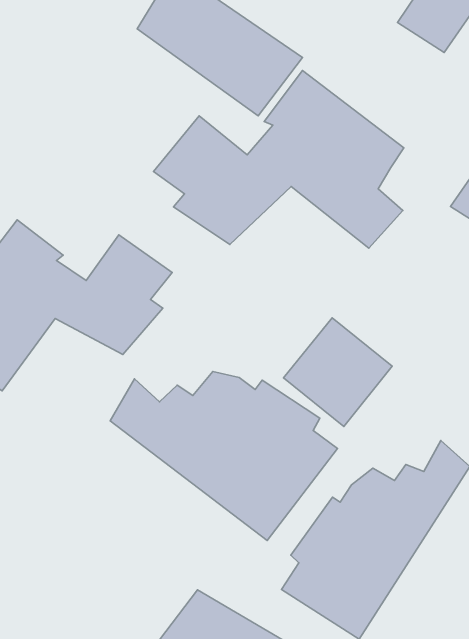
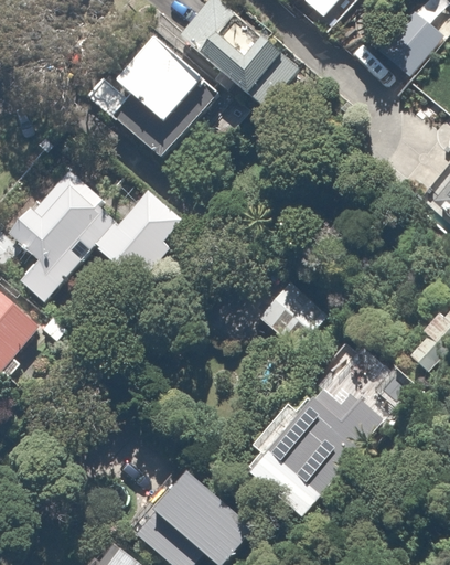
building: none -> [95,38,218,159]
building: [153,71,404,248] -> none
building: [110,372,338,541] -> none

